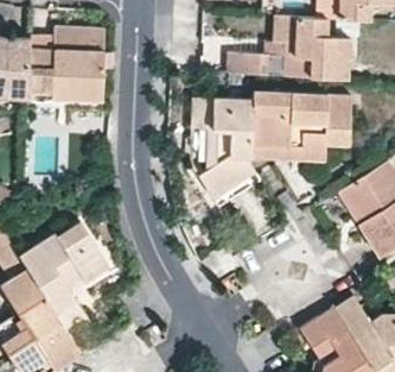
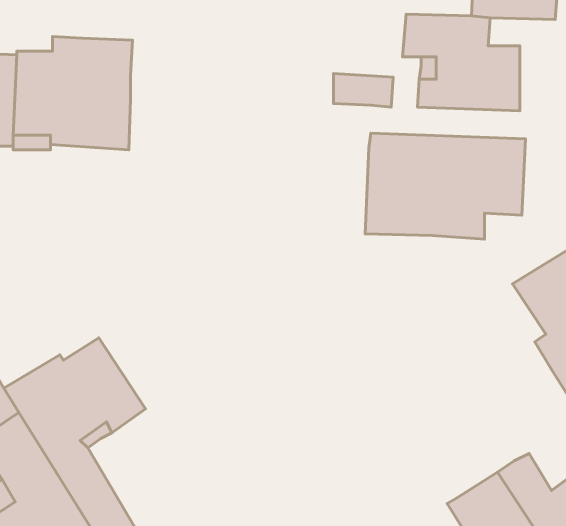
building: [192,99,261,207] -> none

